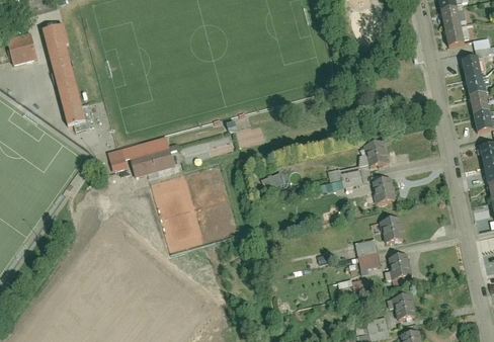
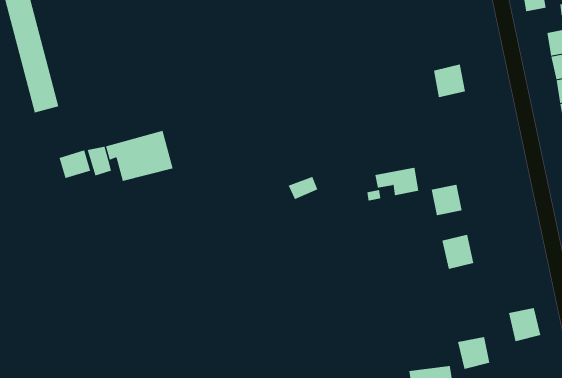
building: [366,140,392,166] -> [433,64,466,98]
building: none -> [59,150,91,179]
building: [356,237,382,267] -> none
building: [388,253,413,279] -> [508,307,541,342]

